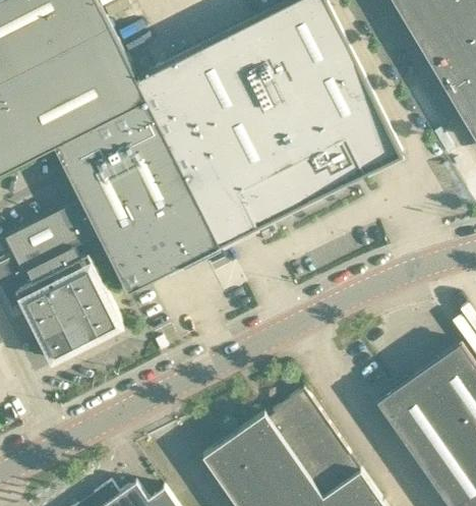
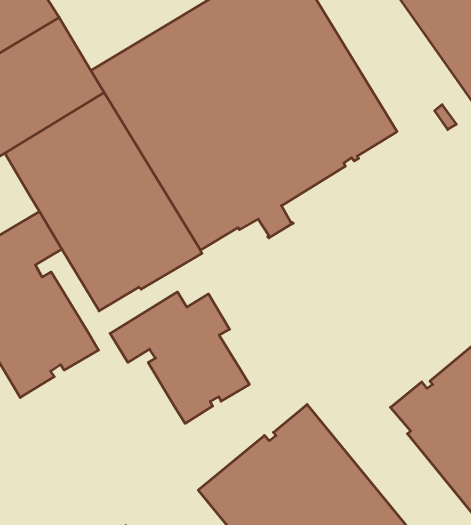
building: none -> [110,292,249,423]

